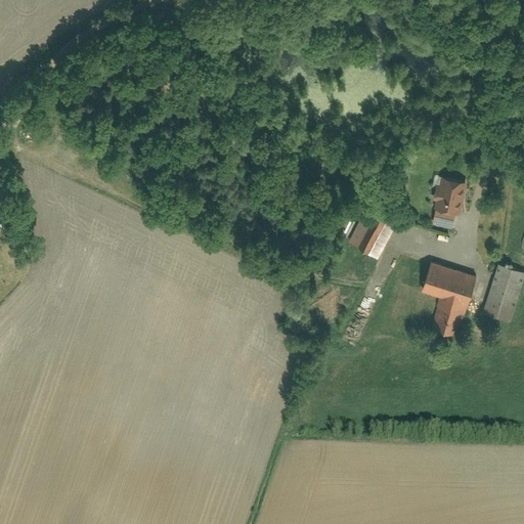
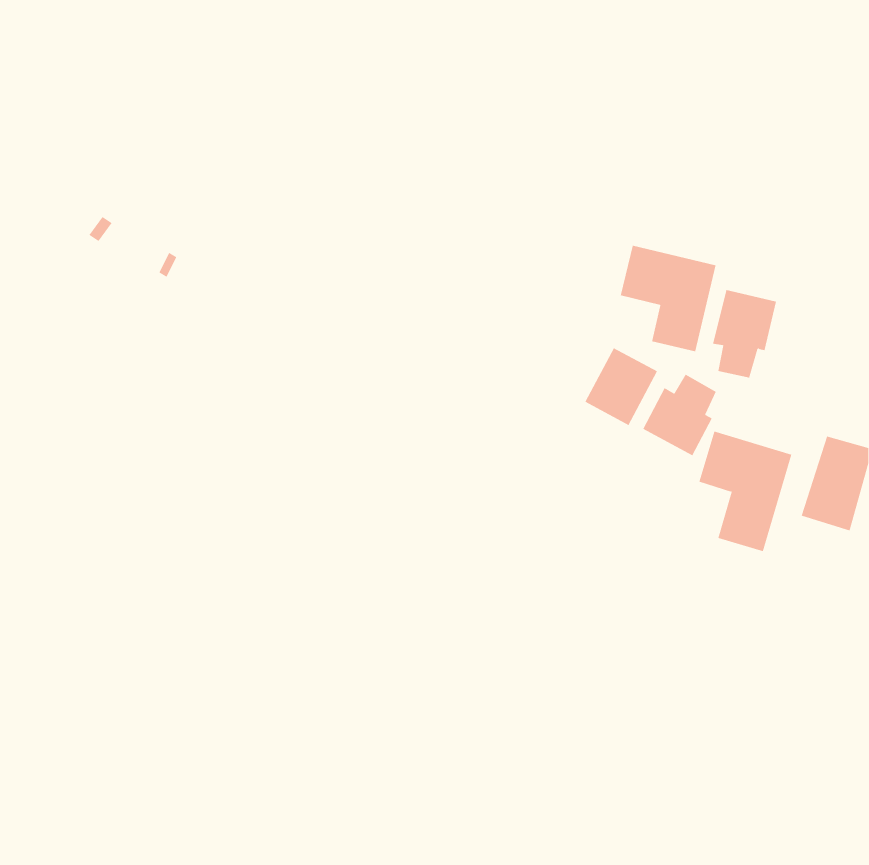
building: none -> [620,245,716,352]
building: none -> [643,374,716,456]

